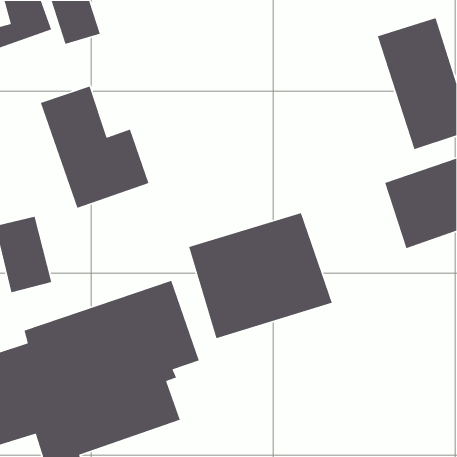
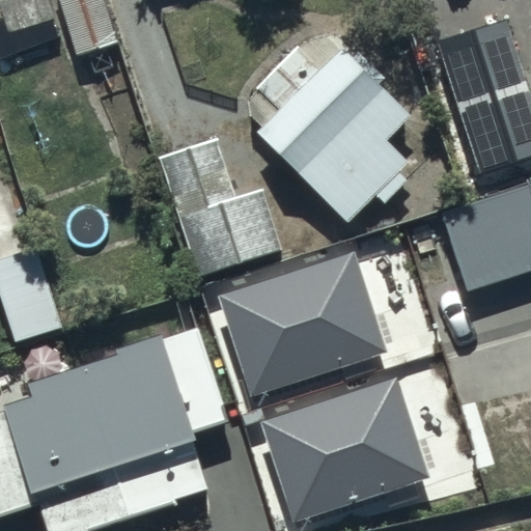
building: none -> [257,44,412,221]
building: [40,85,150,209] -> [160,135,286,277]
building: none -> [262,381,426,521]

